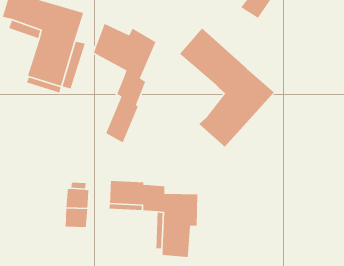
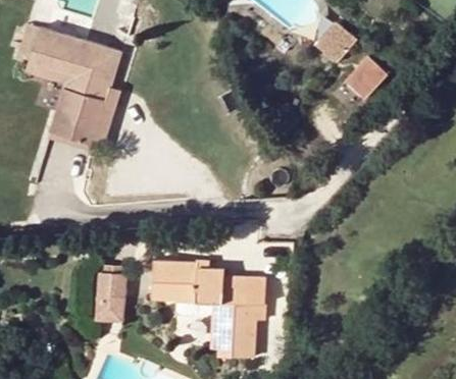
building: none -> [346,56,387,98]
building: [93,23,157,144] -> none
building: [179,27,275,148] -> none

